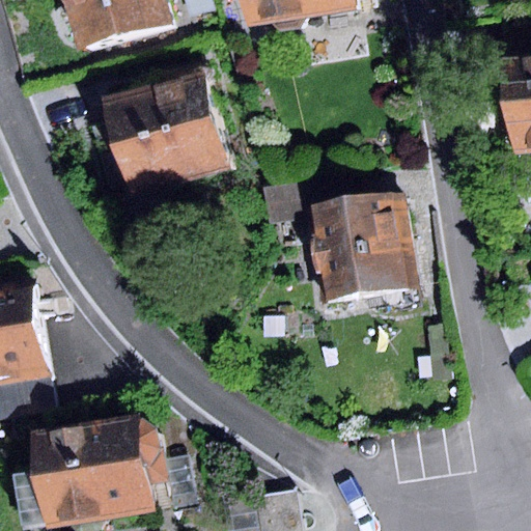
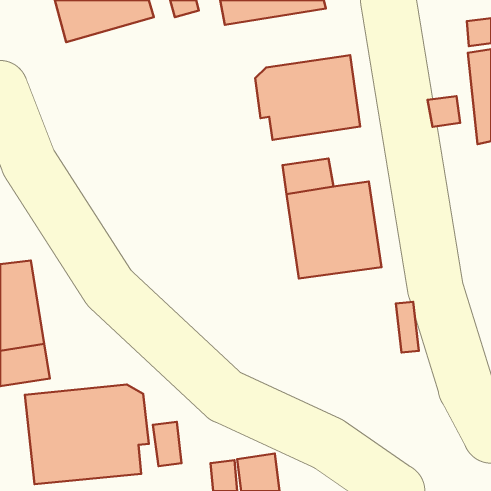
building: none -> [255,55,360,140]
building: [106,81,227,195] -> none

